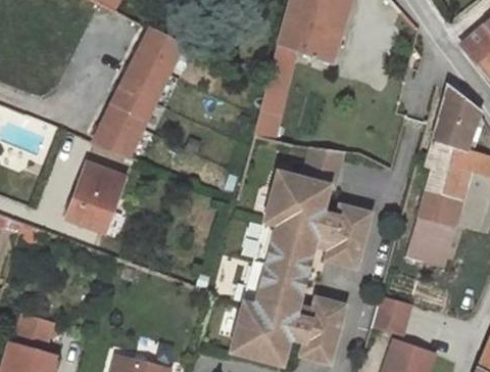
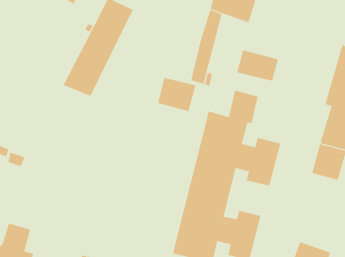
building: none -> [237,49,278,82]
building: none -> [157,77,196,112]
building: [67,164,124,231] -> none
building: [373,295,409,333] -> none

